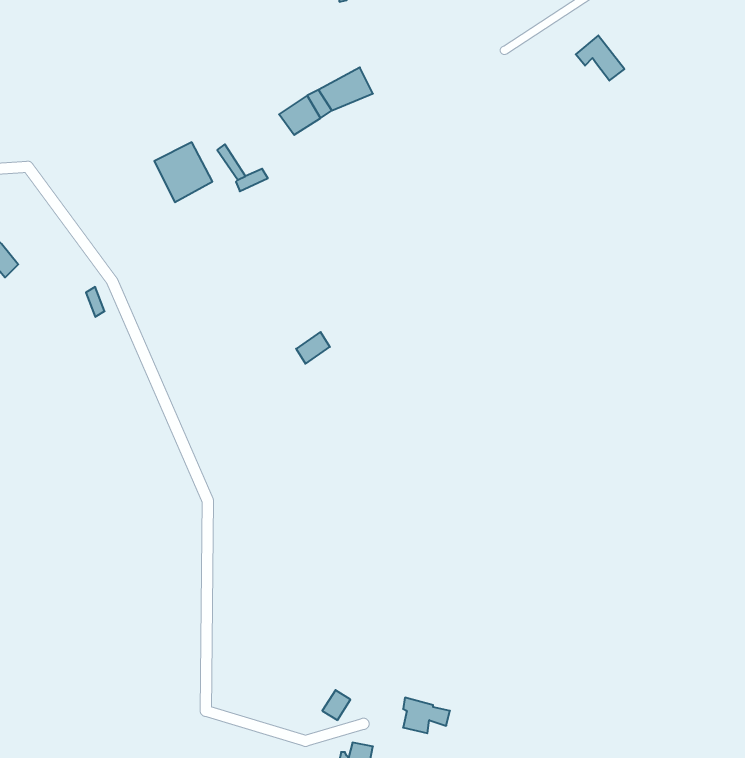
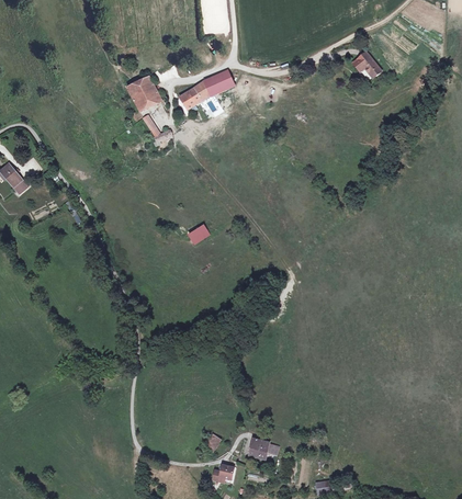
building: [154,142,212,202] -> [127,77,161,112]

